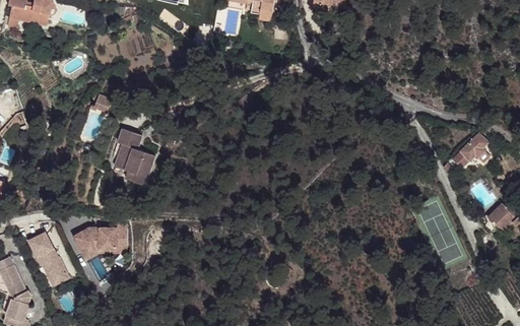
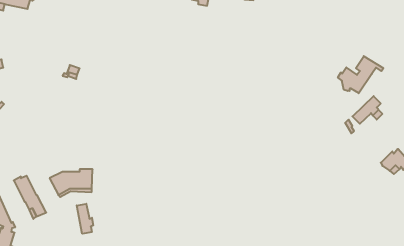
building: none -> [338,56,383,93]
building: [115,128,154,185] -> none
building: none -> [77,204,93,234]

